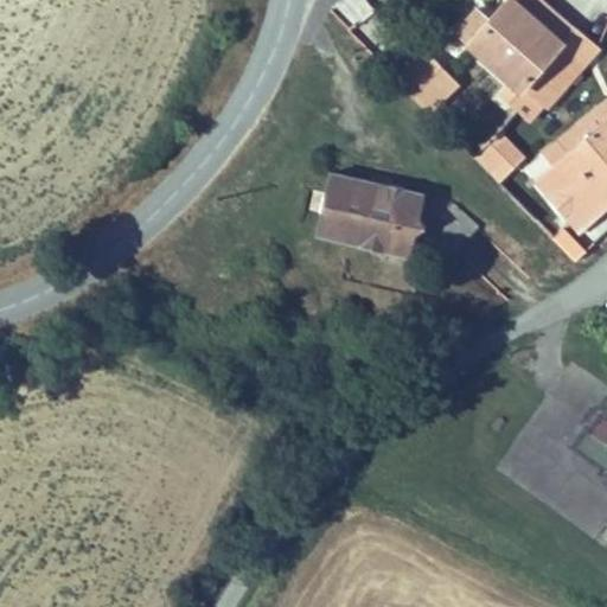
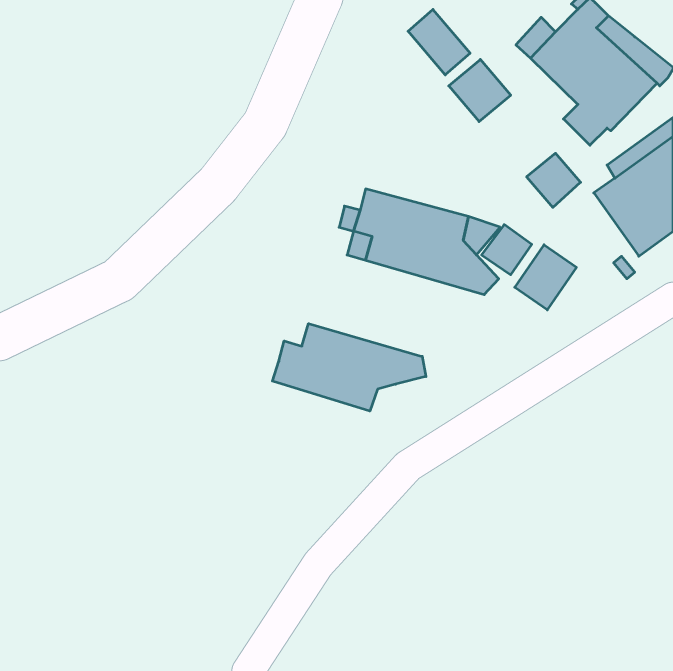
building: none -> [408,9,470,75]
building: none -> [515,245,576,310]
building: none -> [272,324,426,411]

